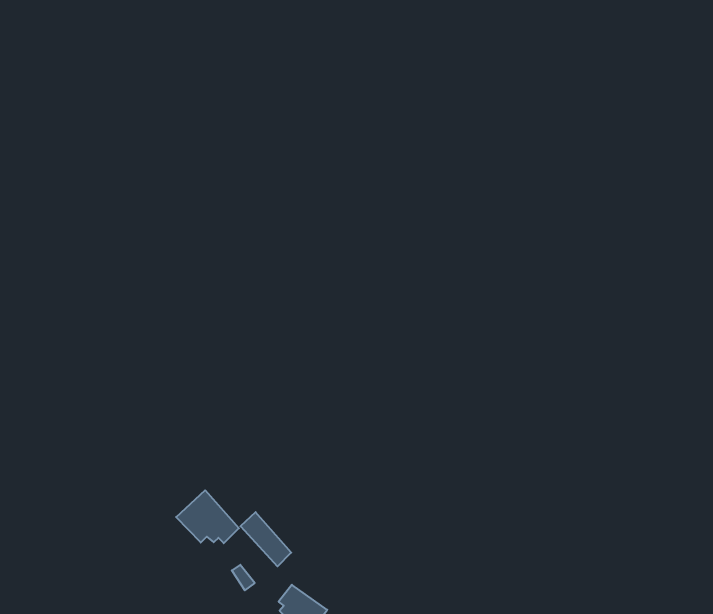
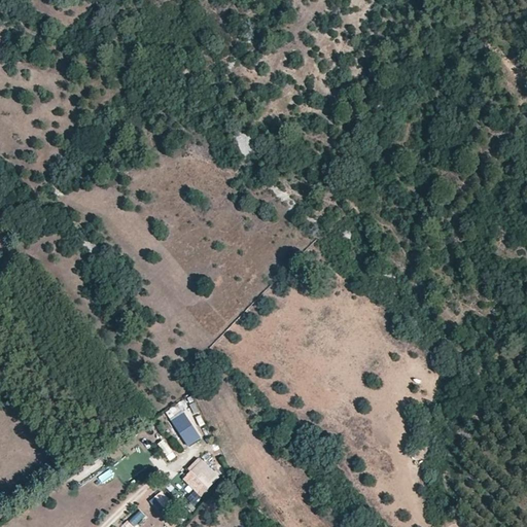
building: [176,490,239,543] -> none

